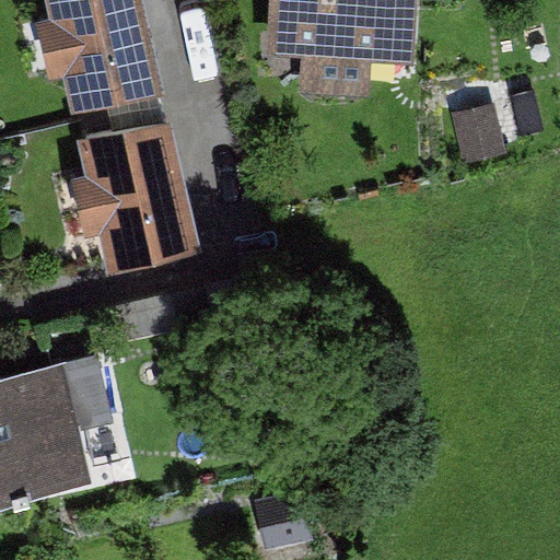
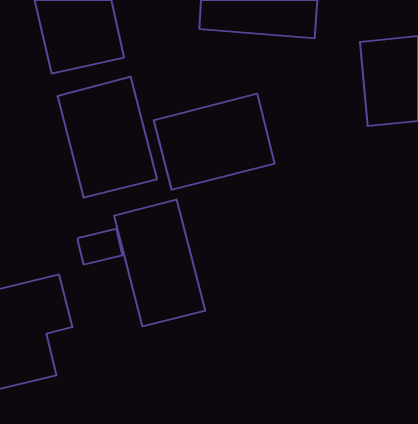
building: none -> [154,94,275,190]
building: none -> [114,199,205,326]

